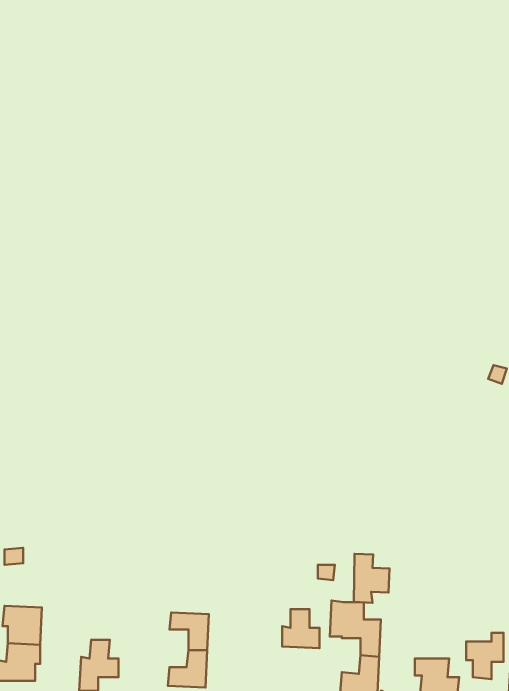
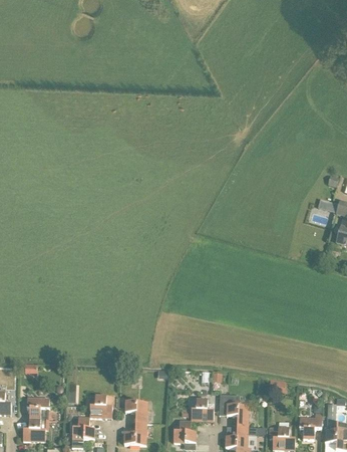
building: [354,554,390,603] -> none
building: none -> [89,395,111,418]
building: none -> [172,420,196,443]

